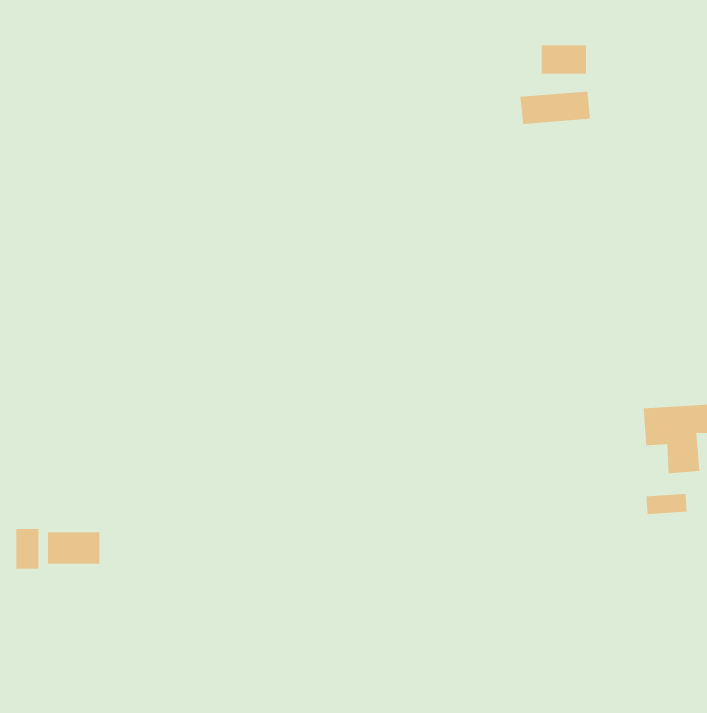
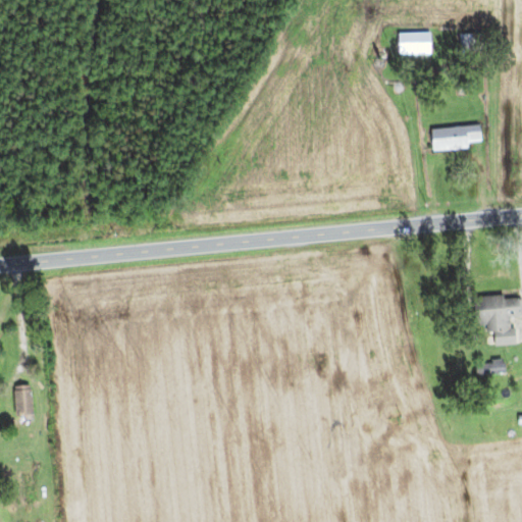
building: [520,91,591,125] -> [431,124,483,149]
building: [48,531,100,564] -> none

